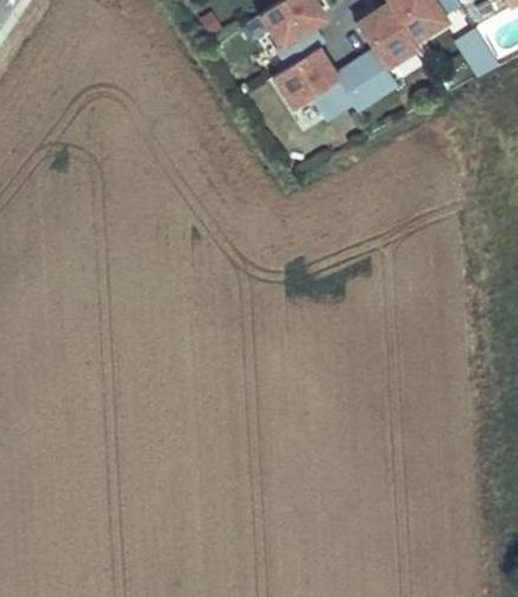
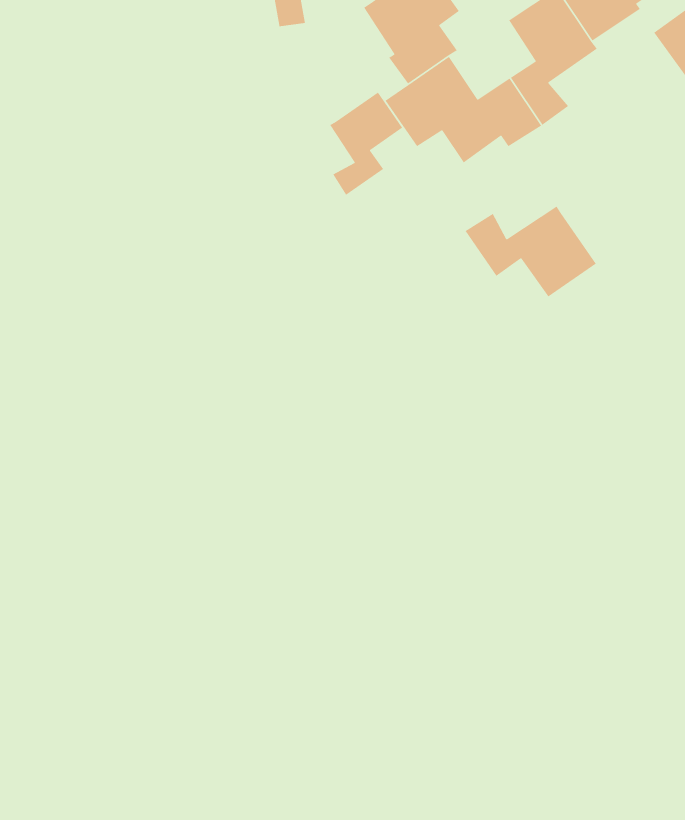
building: none -> [329,92,403,196]
building: none -> [464,206,597,298]

